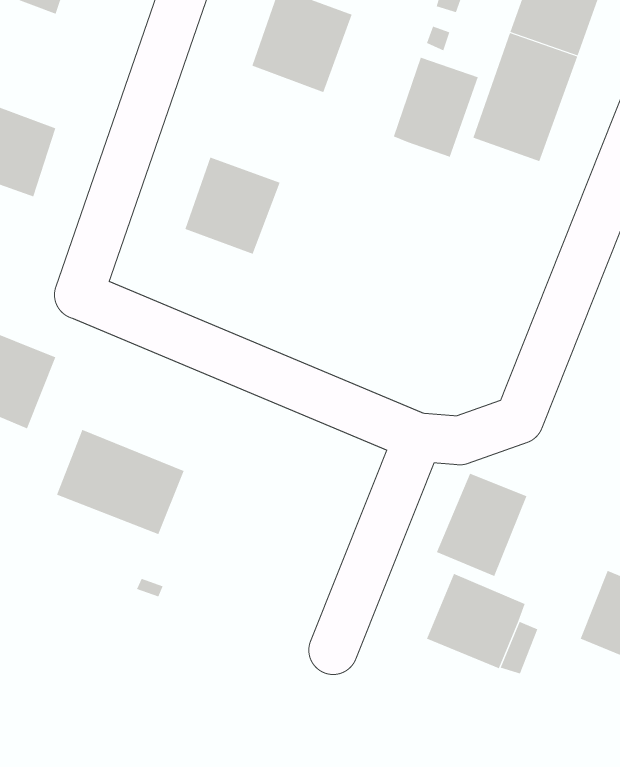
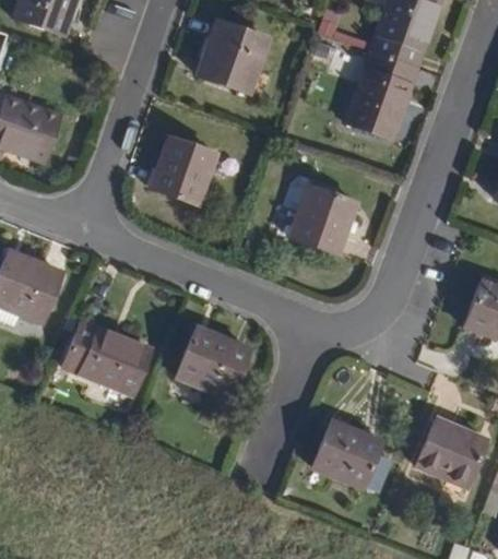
building: [393,57,478,158] -> none
building: none -> [288,187,355,254]
building: none -> [171,328,245,399]
building: [436,473,527,577] -> none

